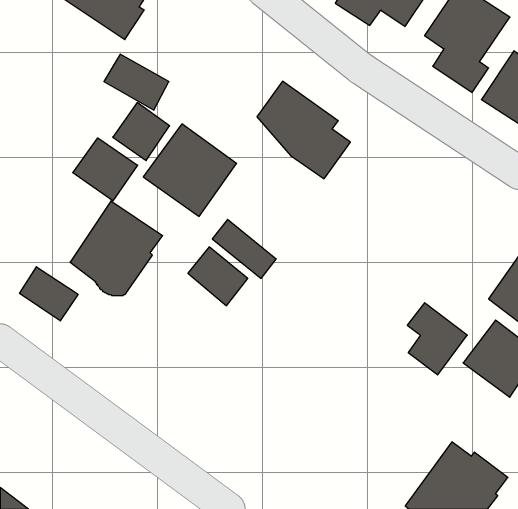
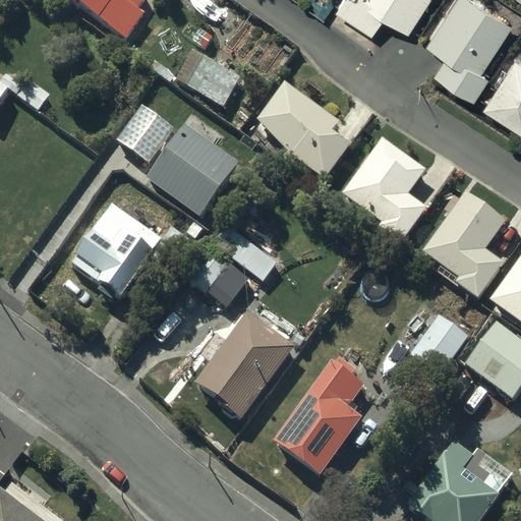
building: [104,54,169,110] -> [176,49,241,105]
building: none -> [342,137,426,241]
building: [73,138,138,201] -> none
building: none -> [423,192,505,297]
building: [20,267,78,321] -> none
building: none -> [193,311,294,418]
building: none -> [273,355,365,476]

